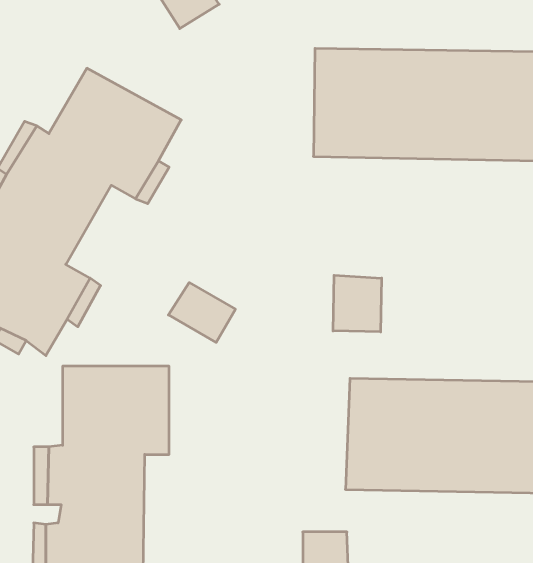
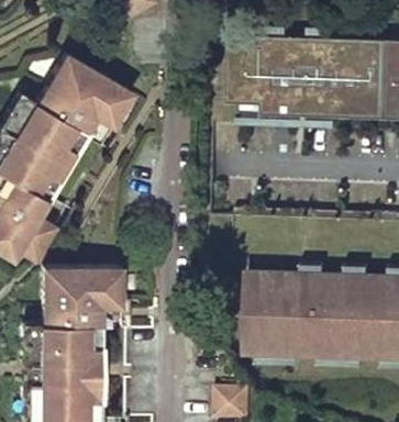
building: [333,275,382,332] -> none
building: [168,283,235,342] -> none

